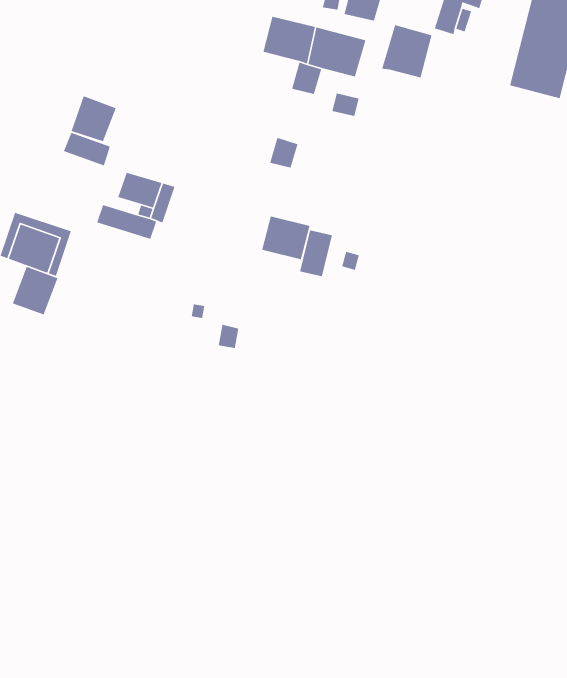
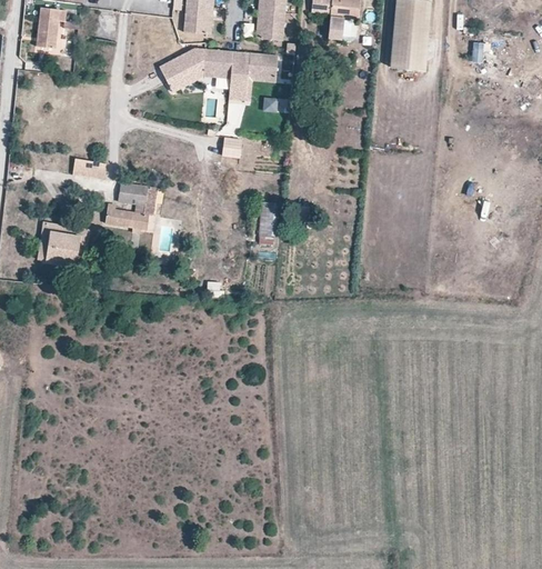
building: none -> [159,48,207,91]
building: [381,24,433,79] -> none
building: [70,95,117,142] -> none
building: [261,216,311,260] -> none
building: [12,266,59,316] -> none

